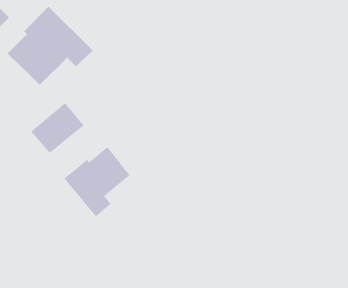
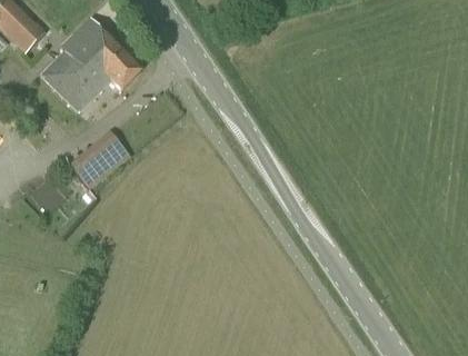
building: [64,146,131,217] -> none

